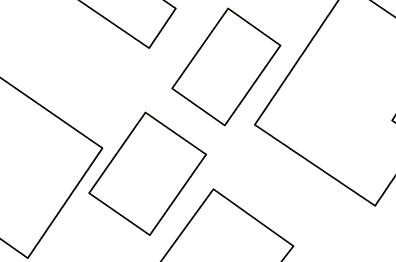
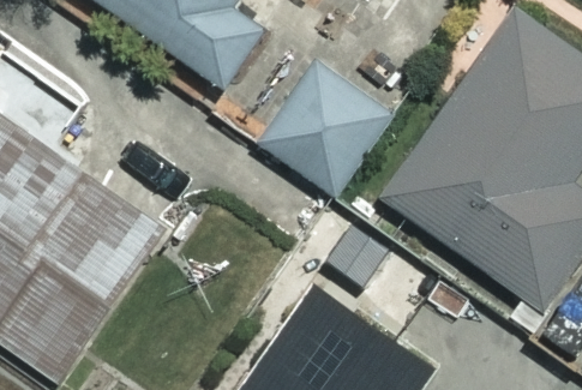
building: [89,112,206,235] -> none

